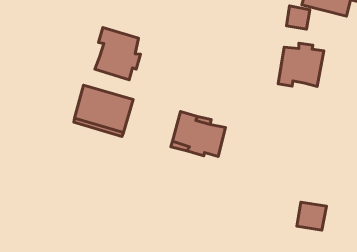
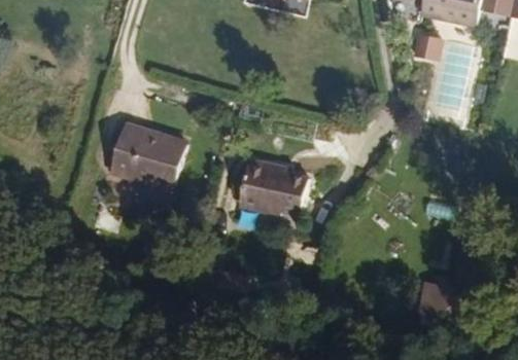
building: [95,28,141,80] -> none
building: [278,43,324,86] -> none

